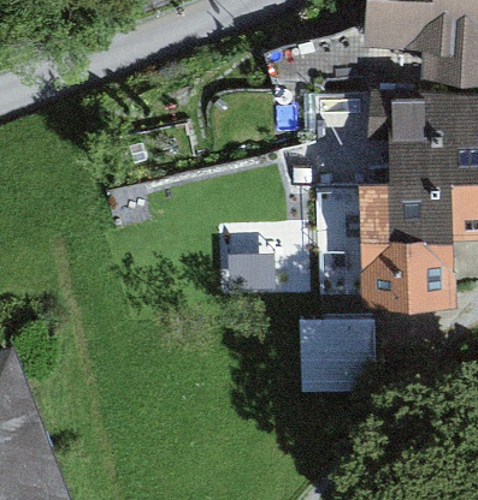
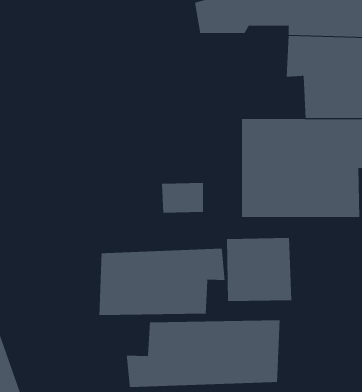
building: none -> [99,248,225,316]
building: none -> [126,320,280,388]

